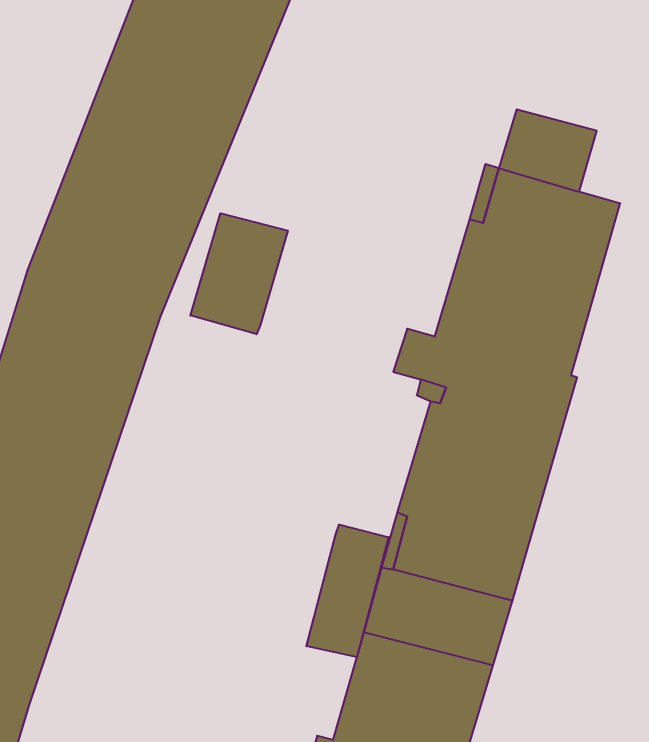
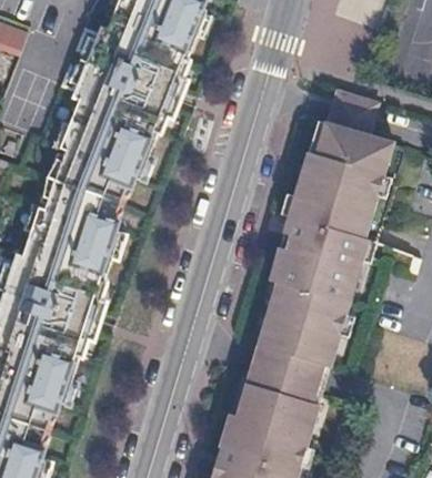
building: [190,213,288,334] -> none
building: [306,525,389,657] -> none

